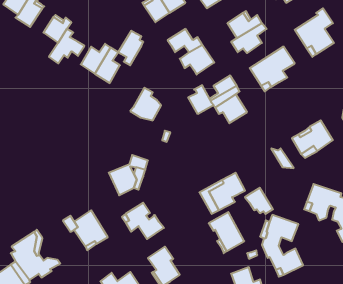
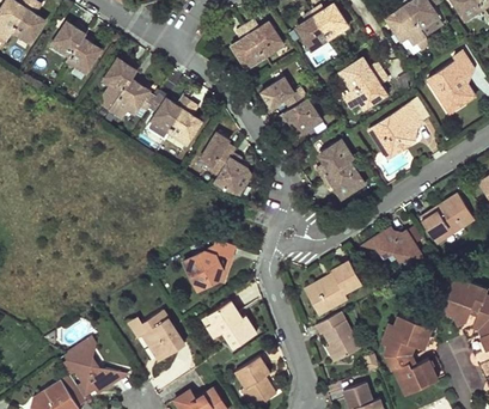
building: [118,31,143,65] -> [202,134,234,178]
building: [188,85,214,114] -> none
building: [245,188,273,214] -> [373,227,409,261]

